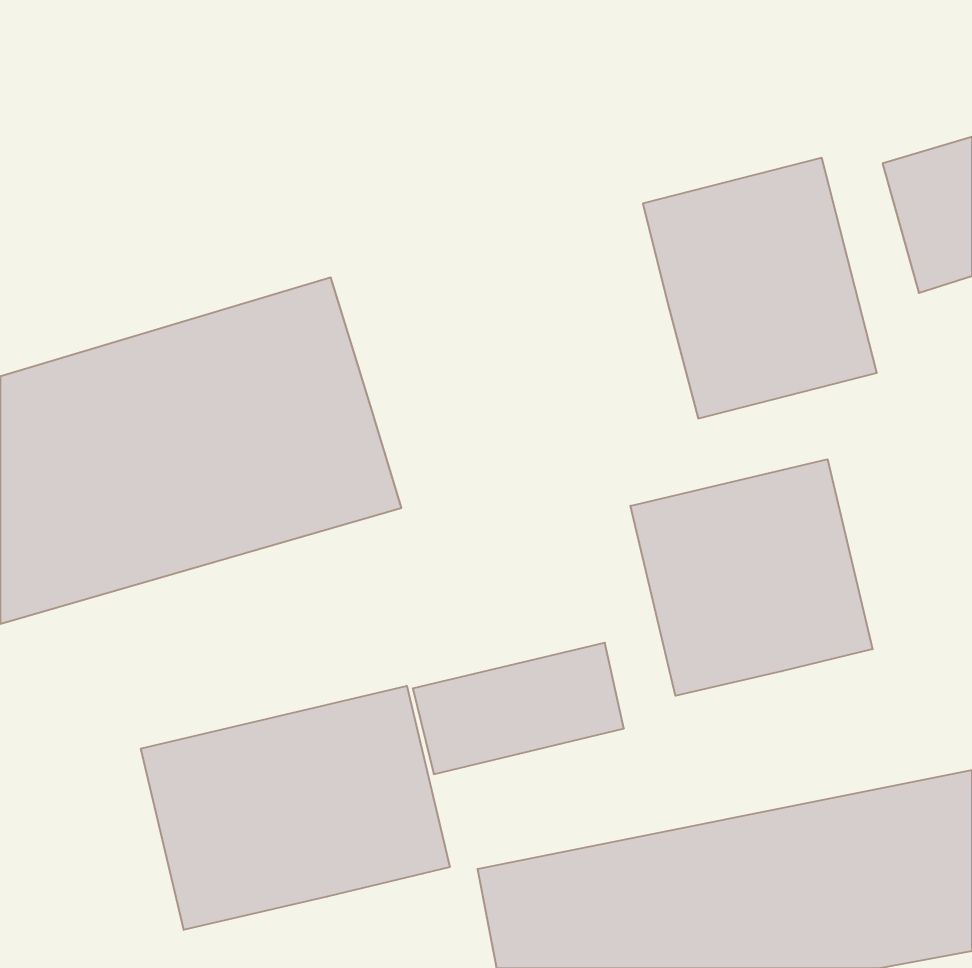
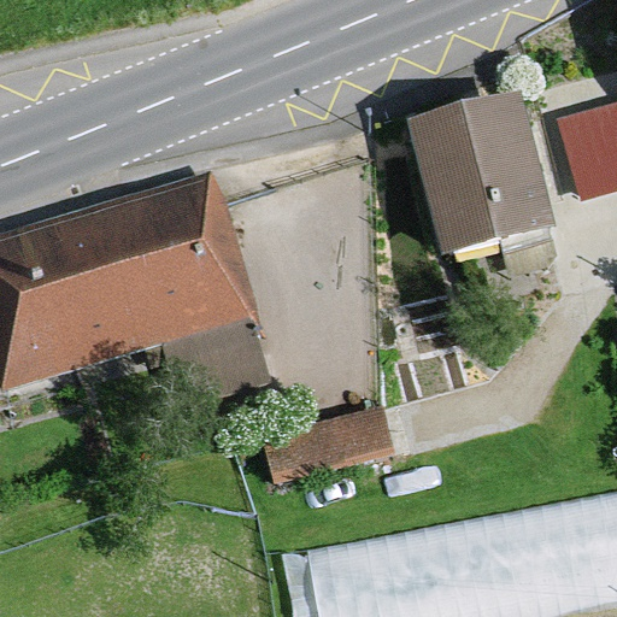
building: [630,459,873,696] -> none
building: [141,686,450,930] -> none

